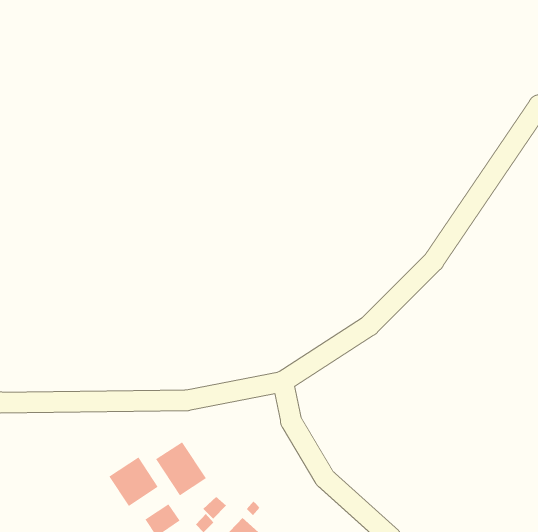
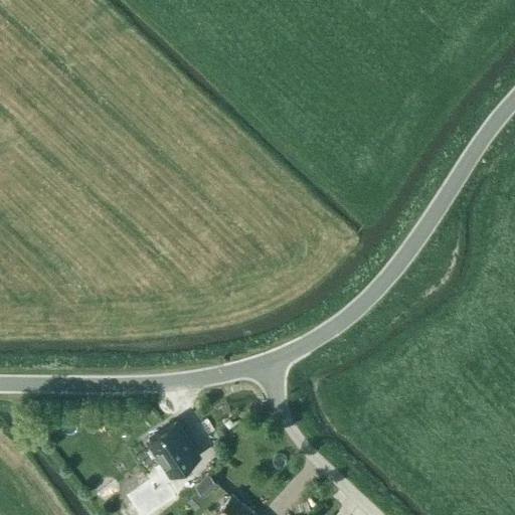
building: [109,457,159,507] -> none

